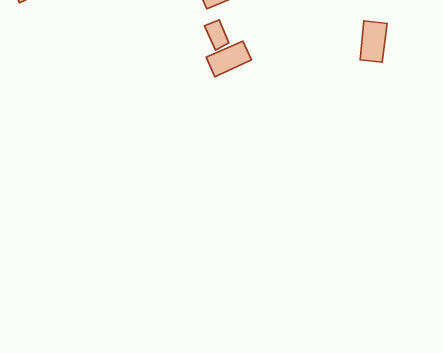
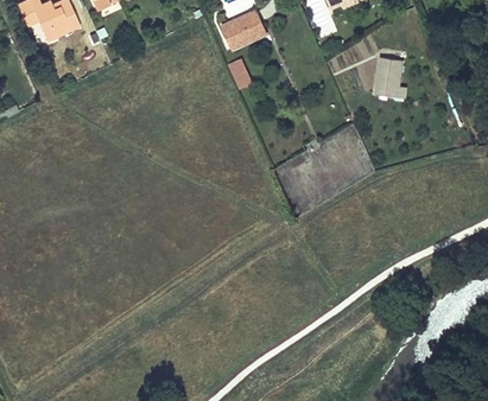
building: [206,41,251,77] -> none

